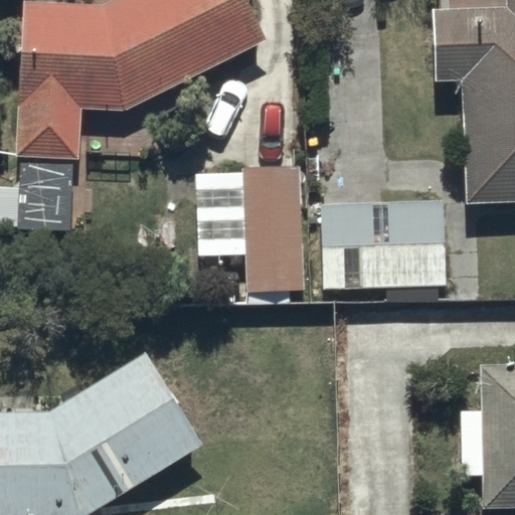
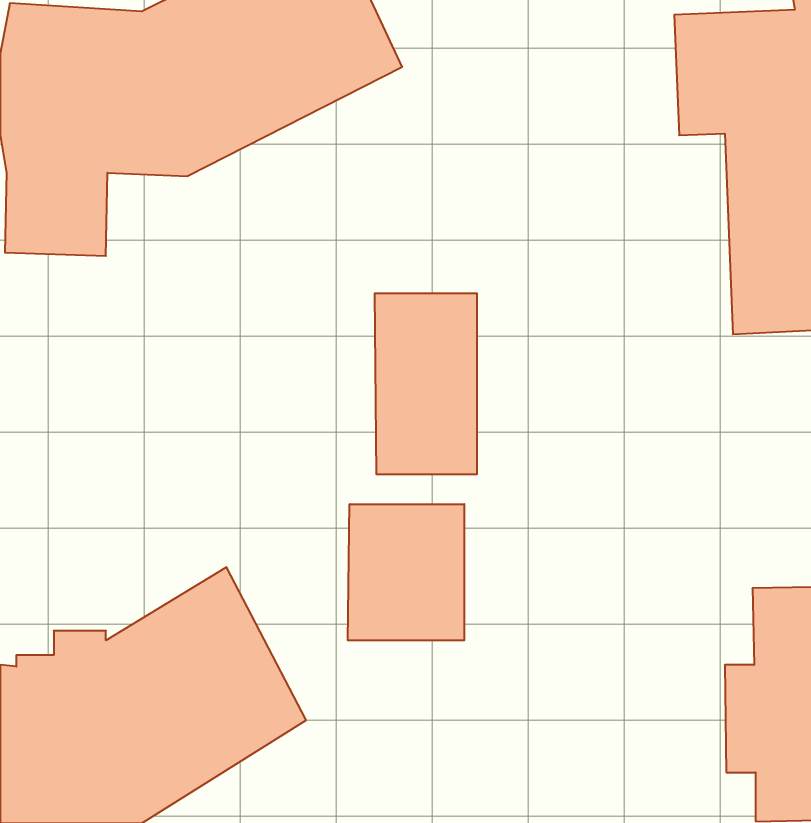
building: [321,199,454,301] -> none
building: none -> [348,504,464,640]

